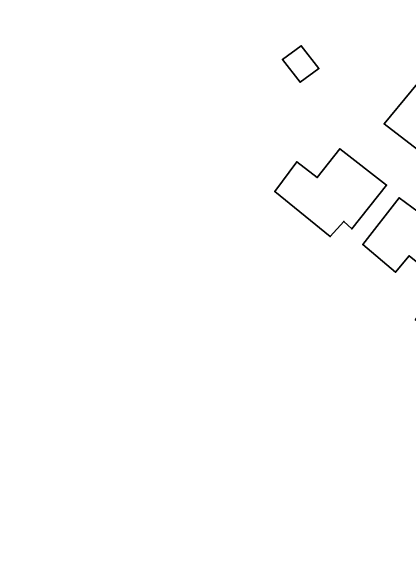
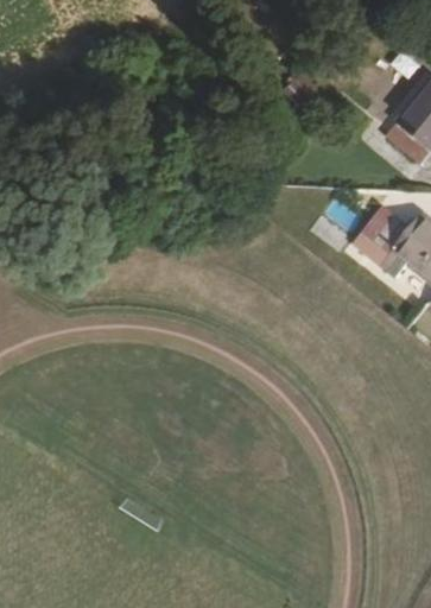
building: [275,149,387,237] -> none

